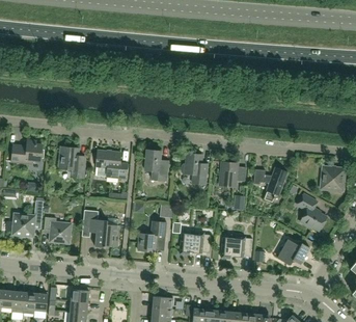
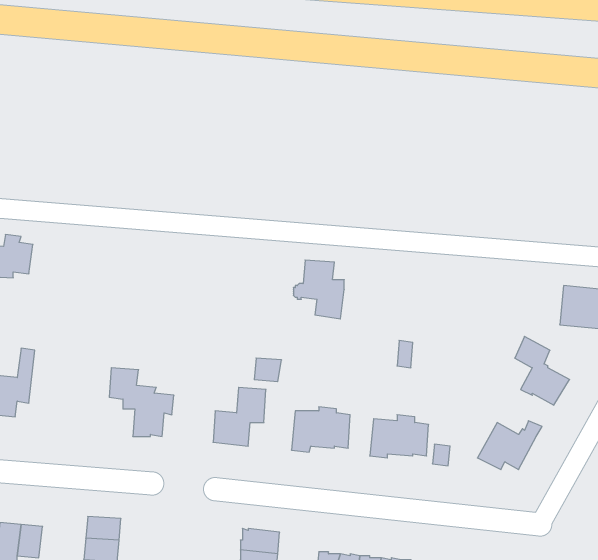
building: [59,147,85,179] -> none
building: [144,150,168,182] -> none
building: [95,151,128,179] -> none
building: [220,162,246,185] -> none
building: [253,167,287,203] -> none
building: [44,217,72,244] -> none

